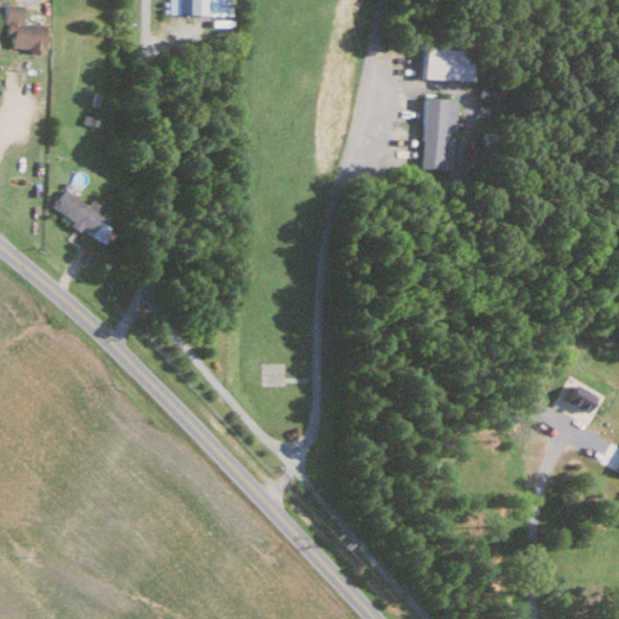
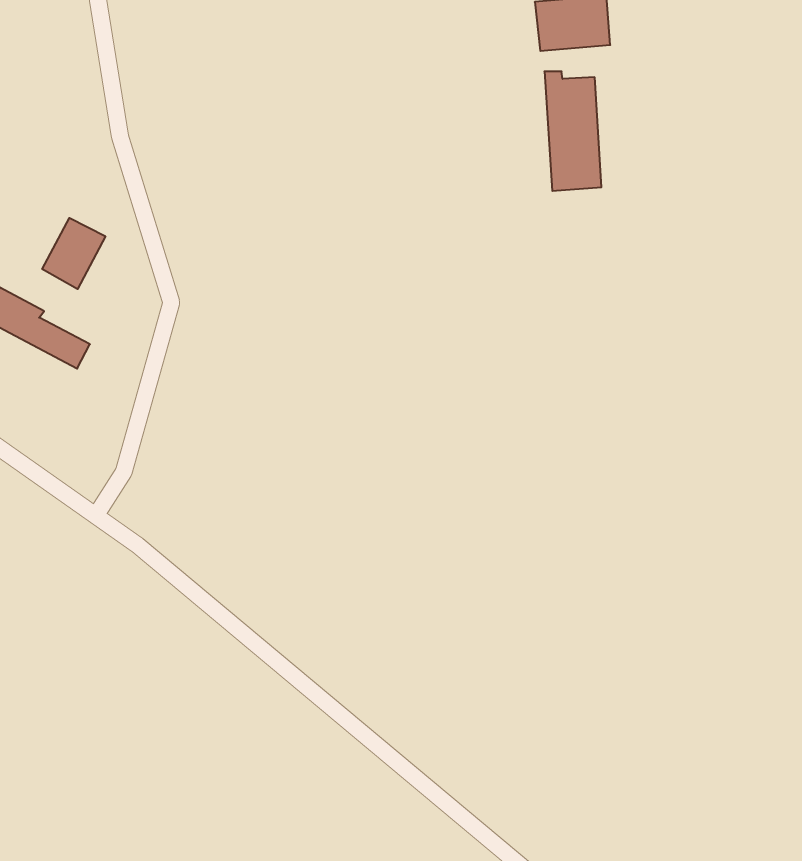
building: none -> [42,218,105,289]

